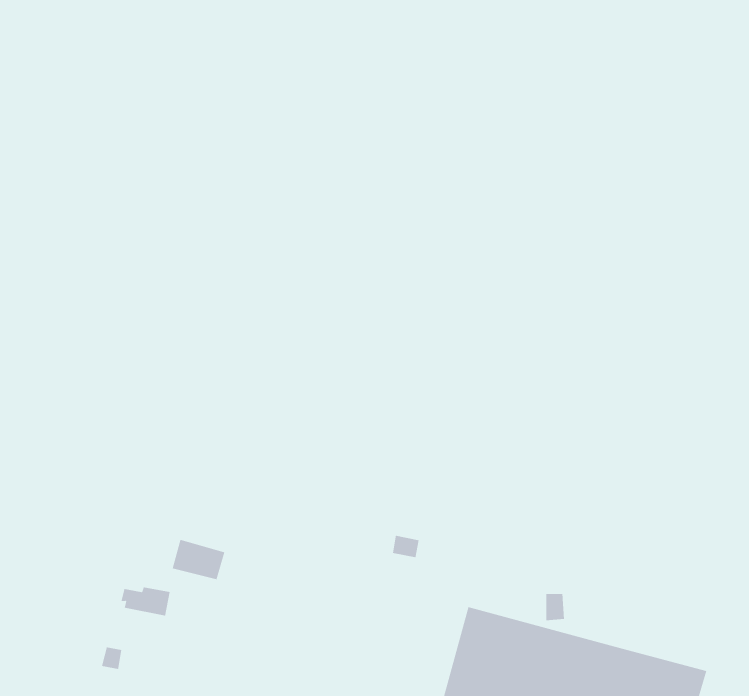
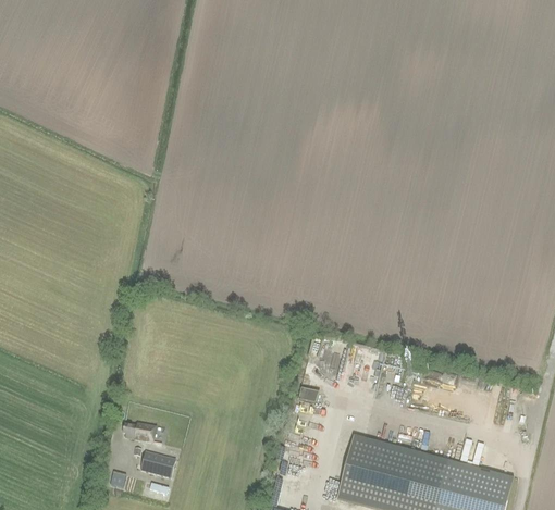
building: [172,539,225,580] -> [138,447,174,474]

